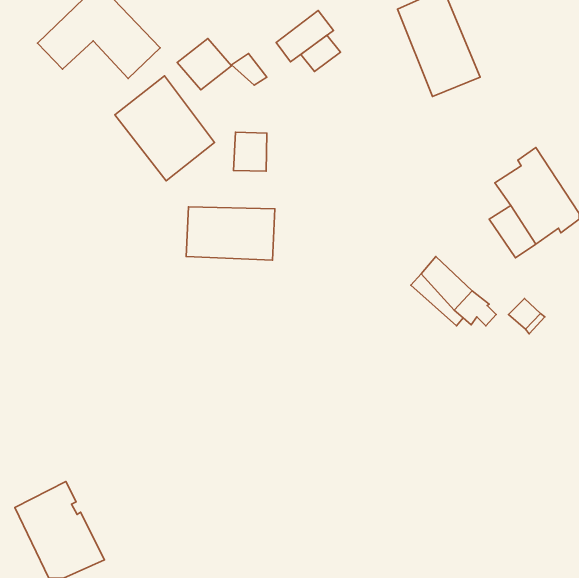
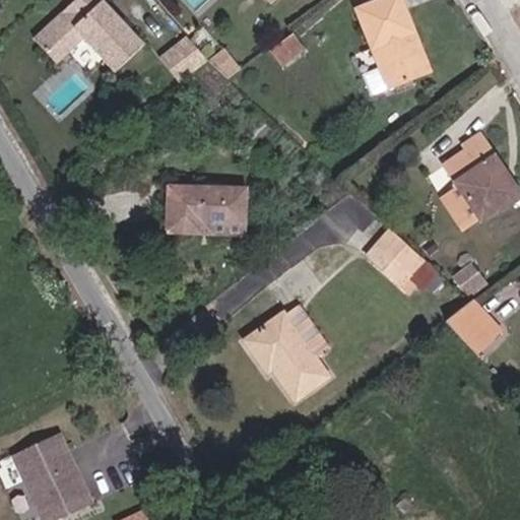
building: [276,11,334,62] -> none
building: [115,76,215,181] -> none
building: [233,132,267,171] -> none
building: none -> [448,301,504,354]
building: none -> [245,305,328,398]

